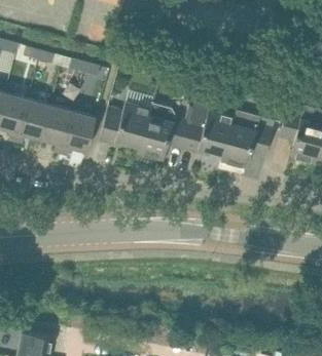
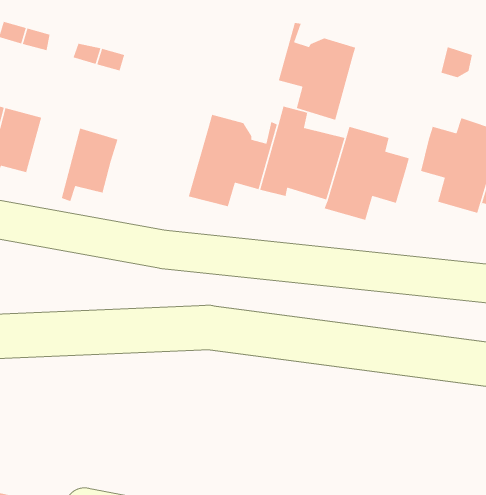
building: none -> [278,22,356,121]
building: [98,104,150,154] -> none
building: [40,106,72,155] -> none

